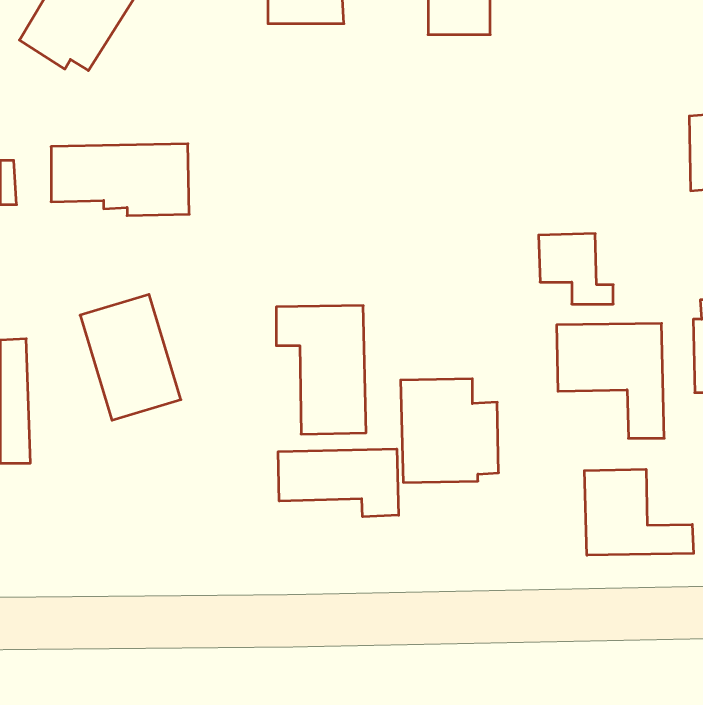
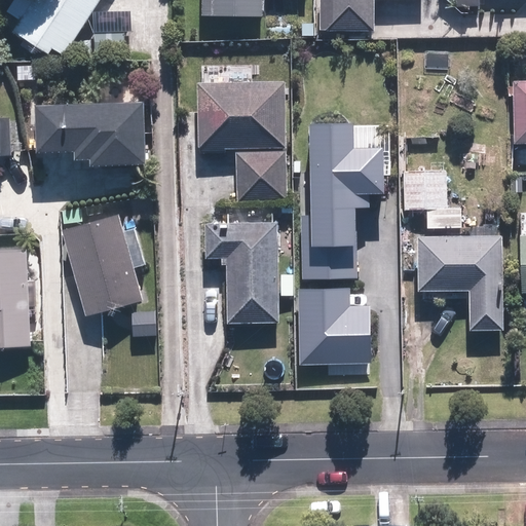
building: none -> [197,86,280,201]
building: none -> [304,118,389,273]
building: [278,449,399,517] -> none
building: [584,469,694,555] -> none

